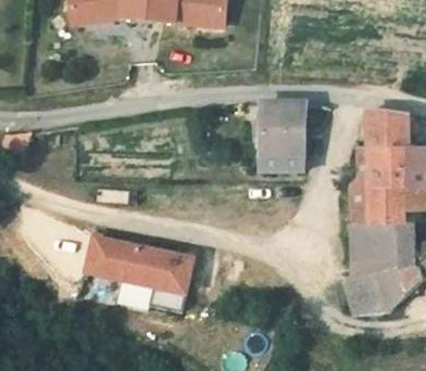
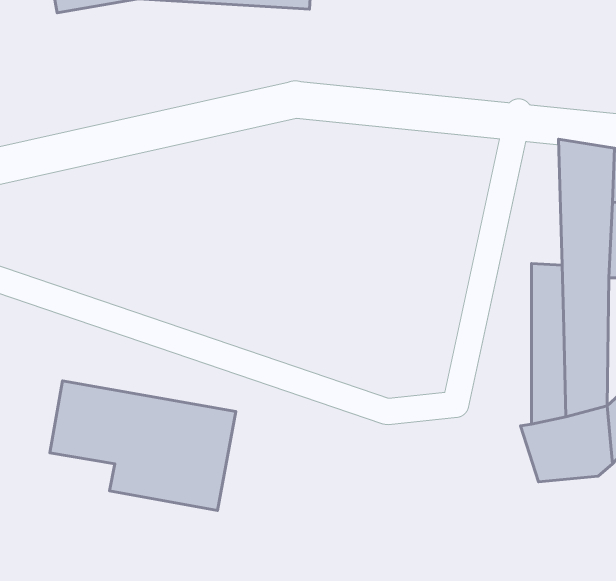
building: [266,93,310,163] -> none

